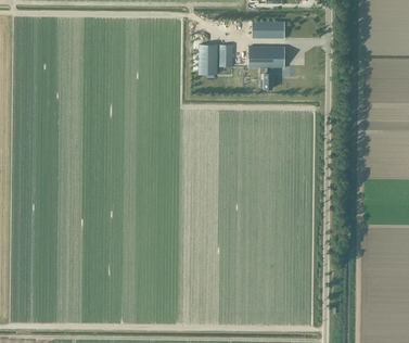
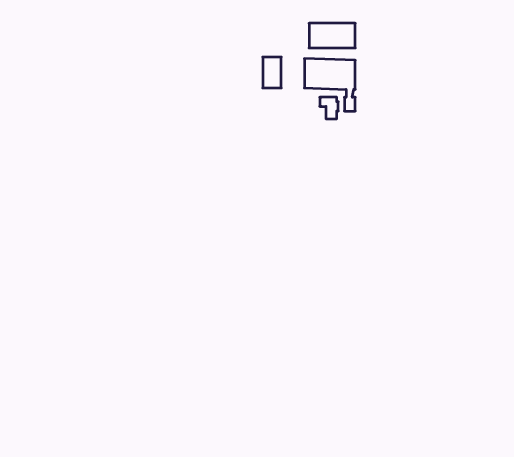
building: [199,45,217,74] -> none

